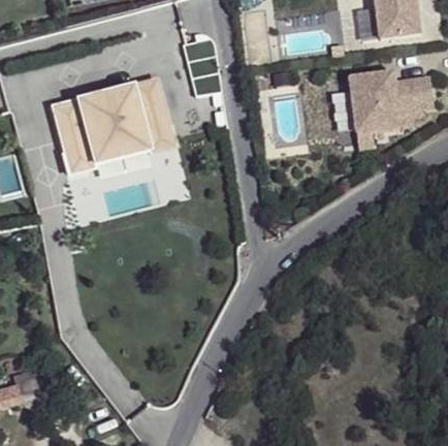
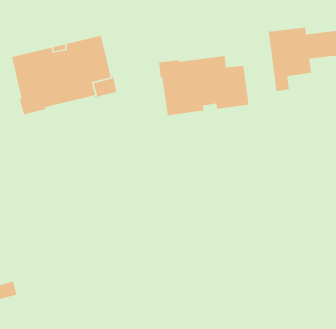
building: none -> [158,55,250,116]

